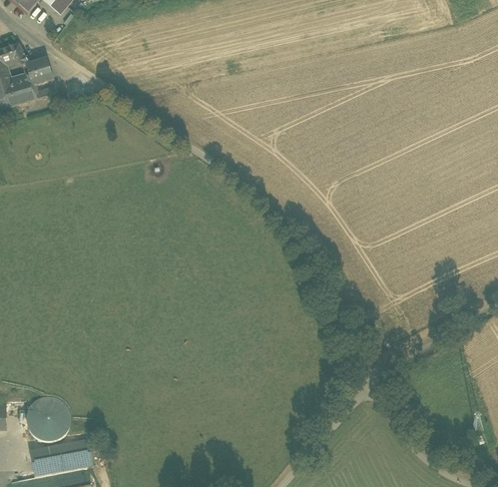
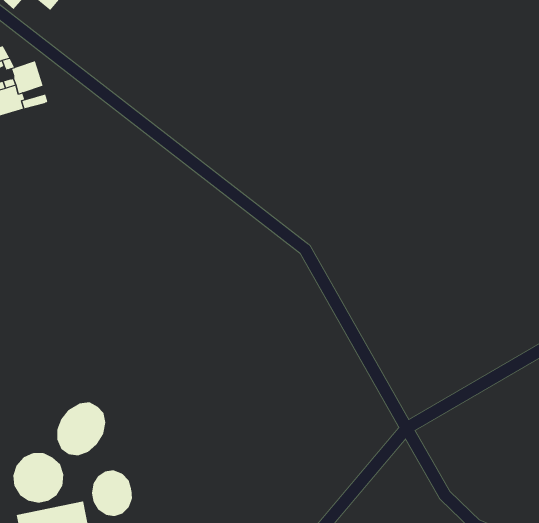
building: none -> [57,402,106,456]
building: none -> [91,470,132,517]

